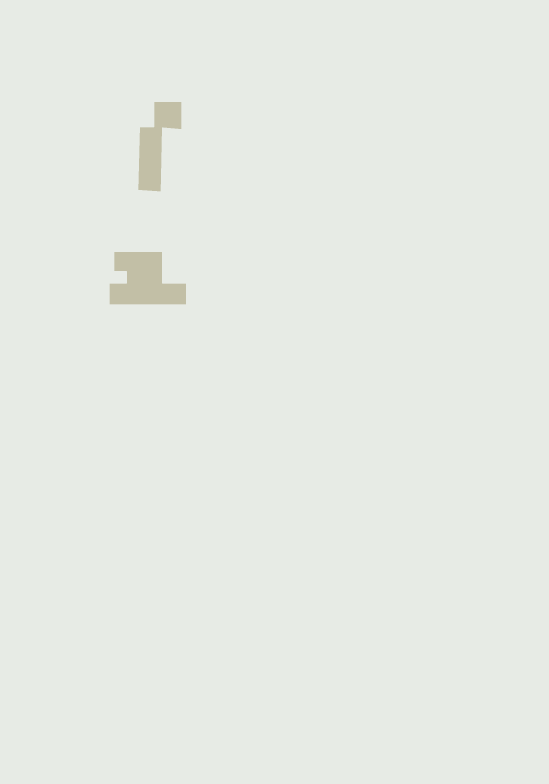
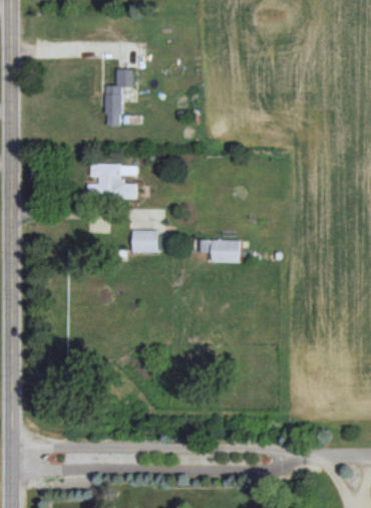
building: none -> [131,230,156,252]
building: none -> [210,239,239,263]

